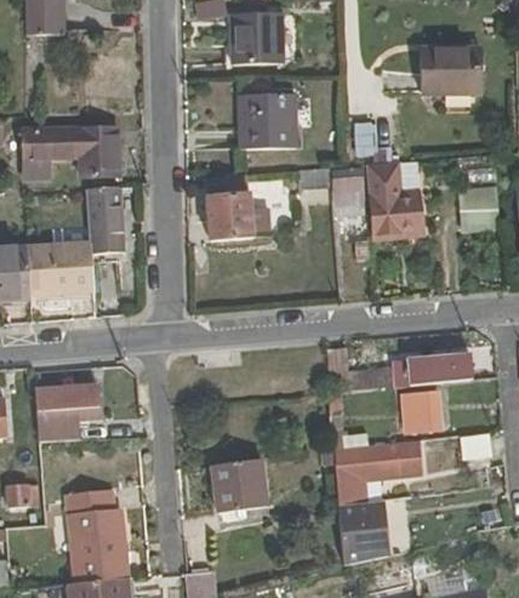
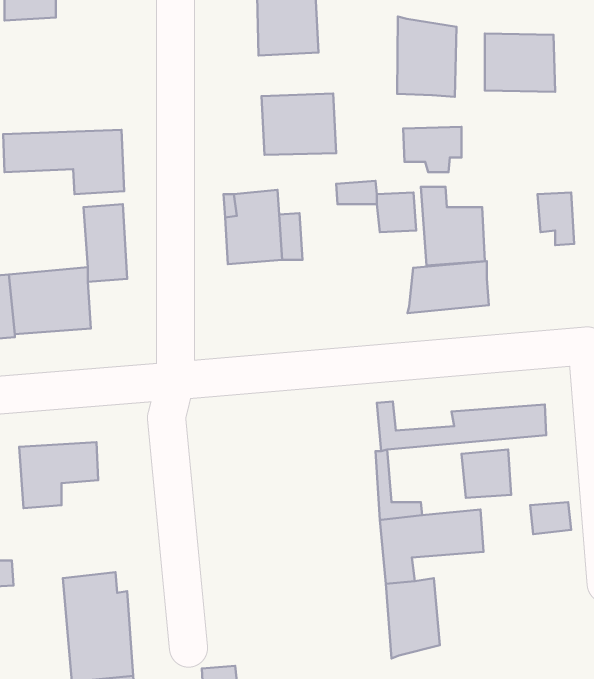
building: none -> [397,16,456,97]
building: none -> [407,261,489,313]
building: [212,459,266,512] -> none

